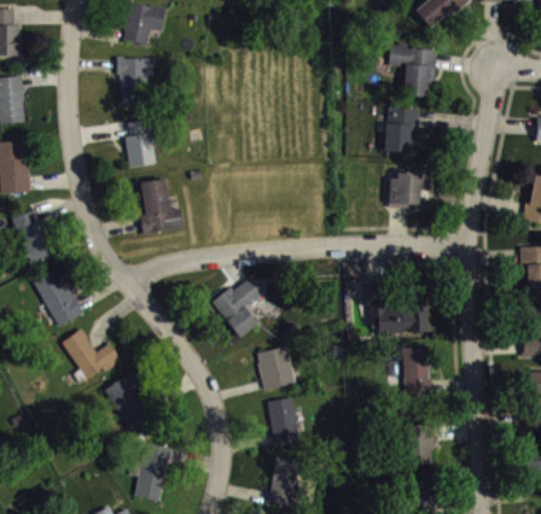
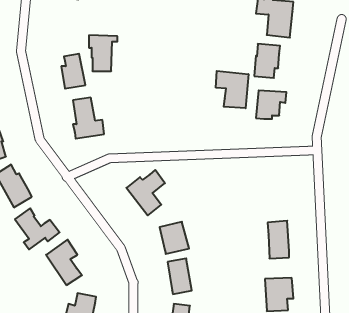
building: [117,57,156,105] -> [89,35,117,71]
building: none -> [216,71,248,108]
building: [366,285,429,337] -> none

